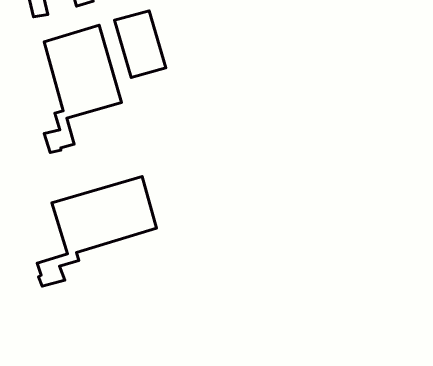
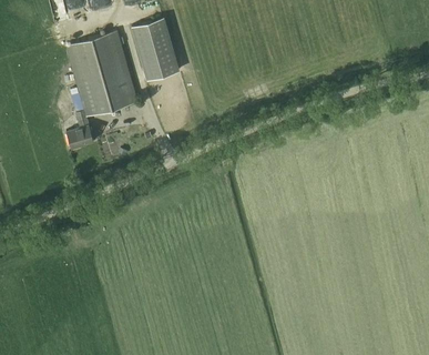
building: [37,176,156,286] -> none

